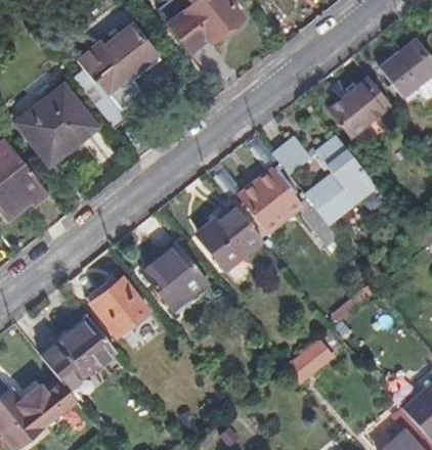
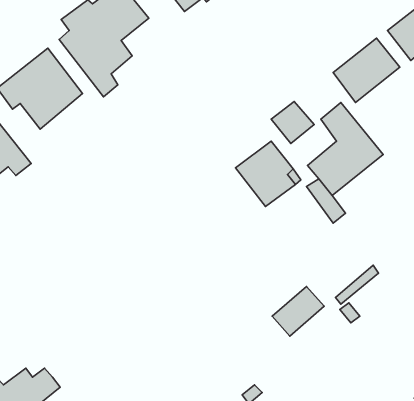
building: [200,201,262,269] -> none
building: [143,244,207,301] -> none
building: [93,278,149,336] -> none
building: [42,316,118,390] -> none
building: [286,338,334,384] -> [272,286,324,336]

